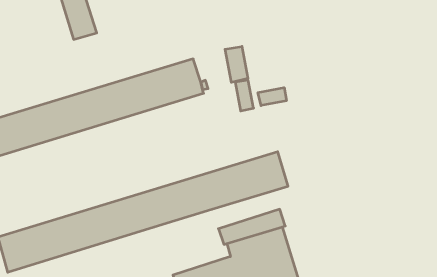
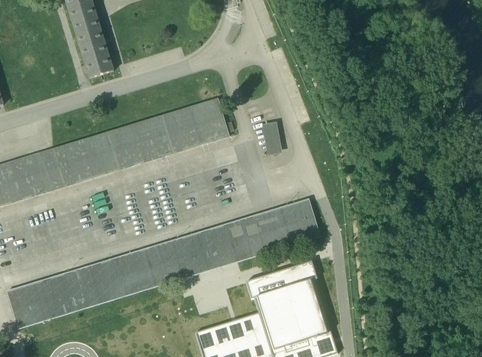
building: [225,46,248,82] -> none
building: [258,88,286,106] -> none

